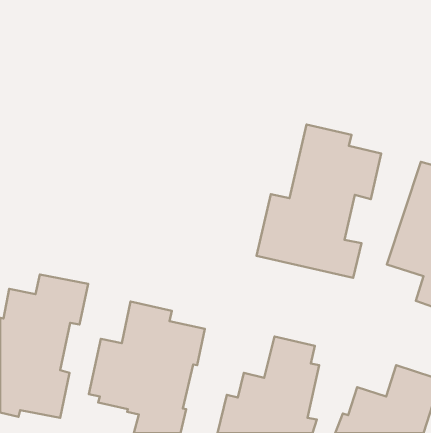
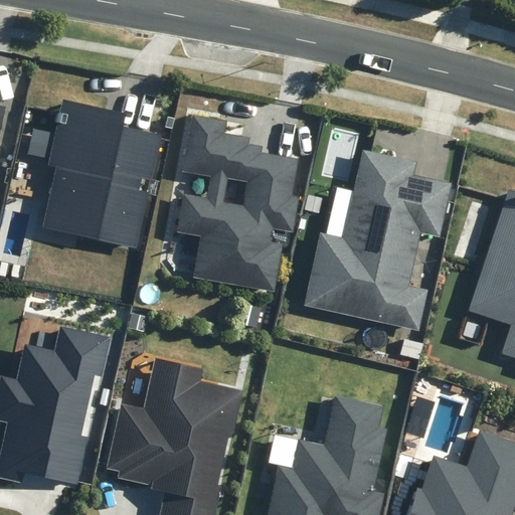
building: none -> [35,104,155,252]
building: none -> [180,115,302,292]

